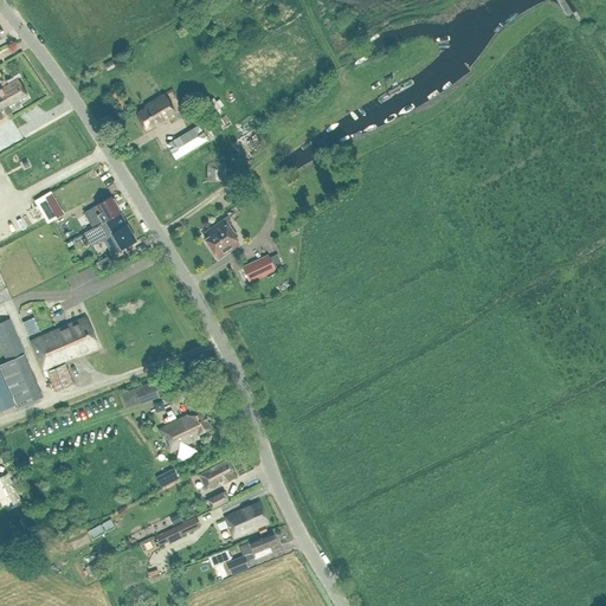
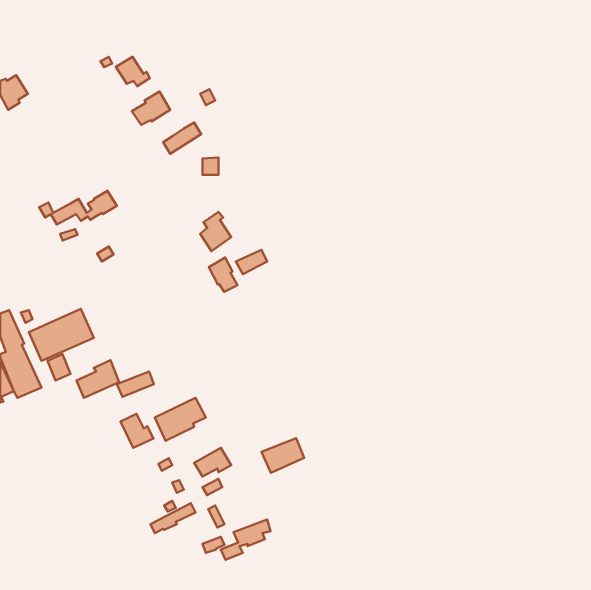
building: none -> [116,57,150,86]
building: [85,211,136,250] -> none
building: none -> [209,258,238,292]
building: none -> [77,360,119,398]
building: none -> [120,414,153,448]
building: [224,501,267,536] -> [262,438,304,473]

